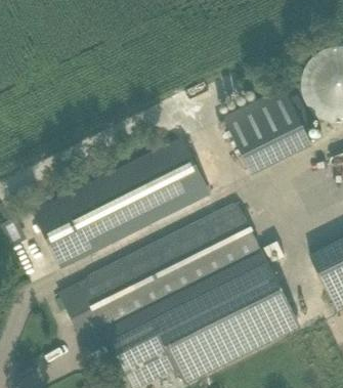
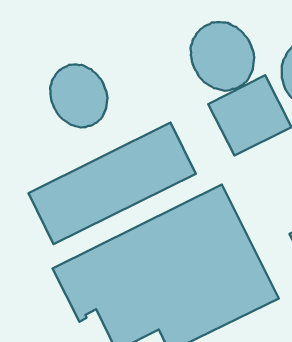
building: none -> [191,22,254,91]
building: none -> [50,64,107,127]

